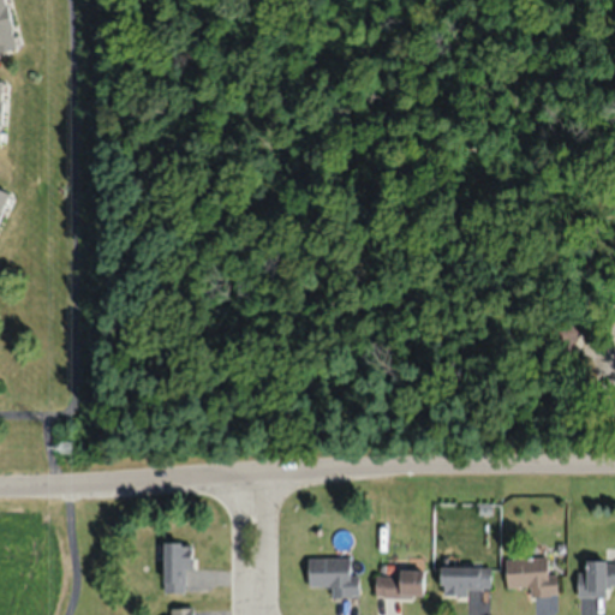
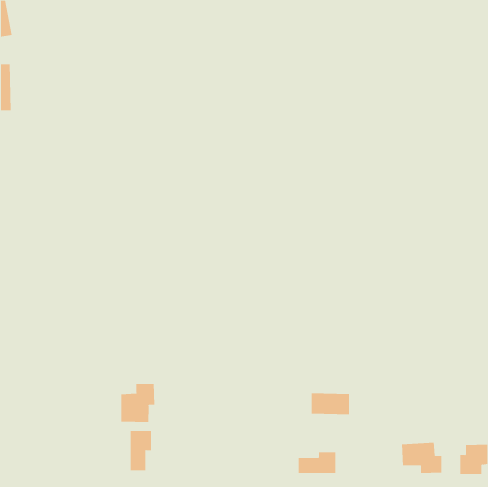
building: none -> [121,383,155,423]
building: [308,559,358,597] -> none
building: [441,566,490,593] -> [311,393,350,415]

